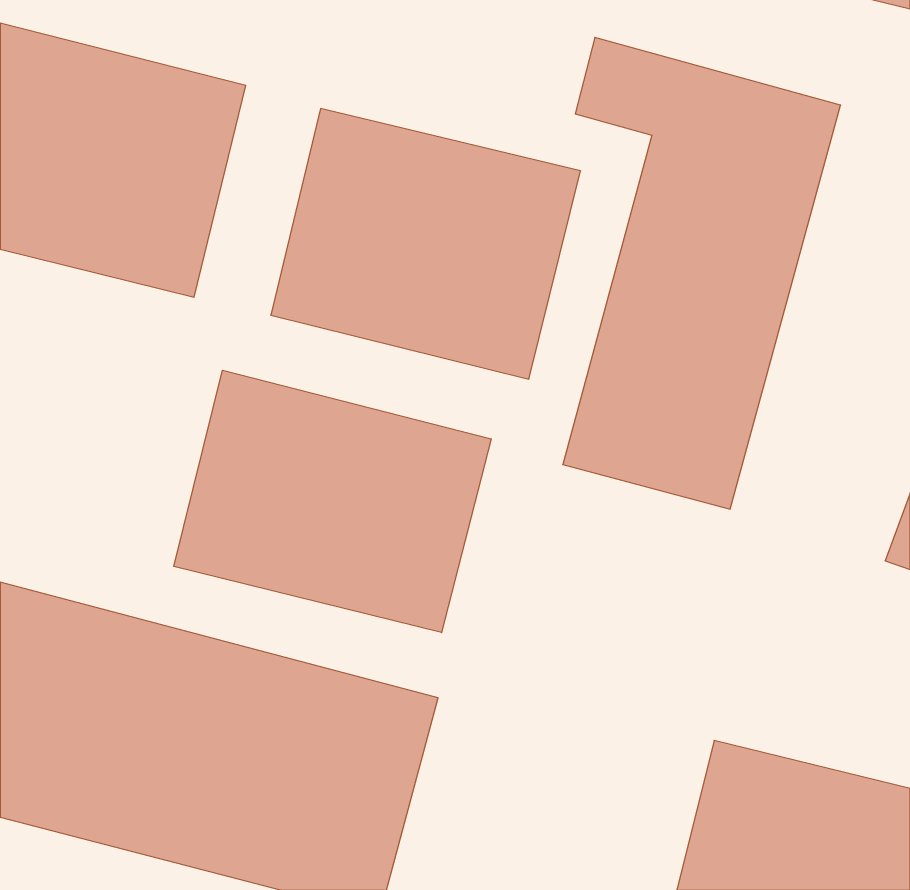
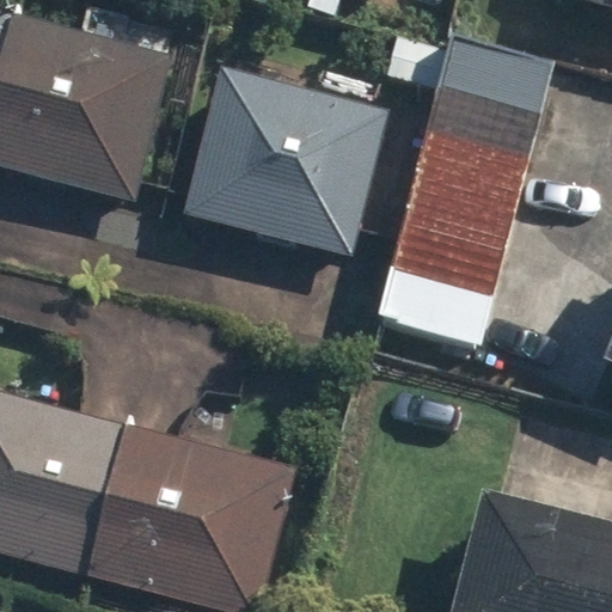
building: [174,370,491,633] -> none

